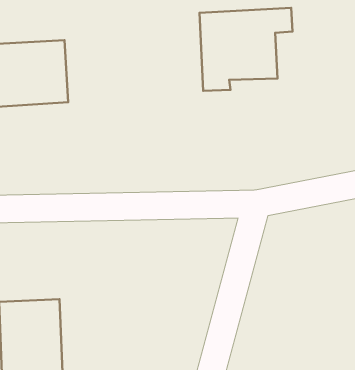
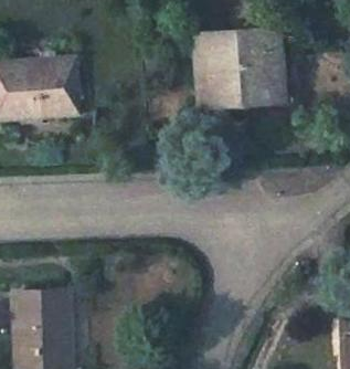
building: none -> [219,51,278,103]

